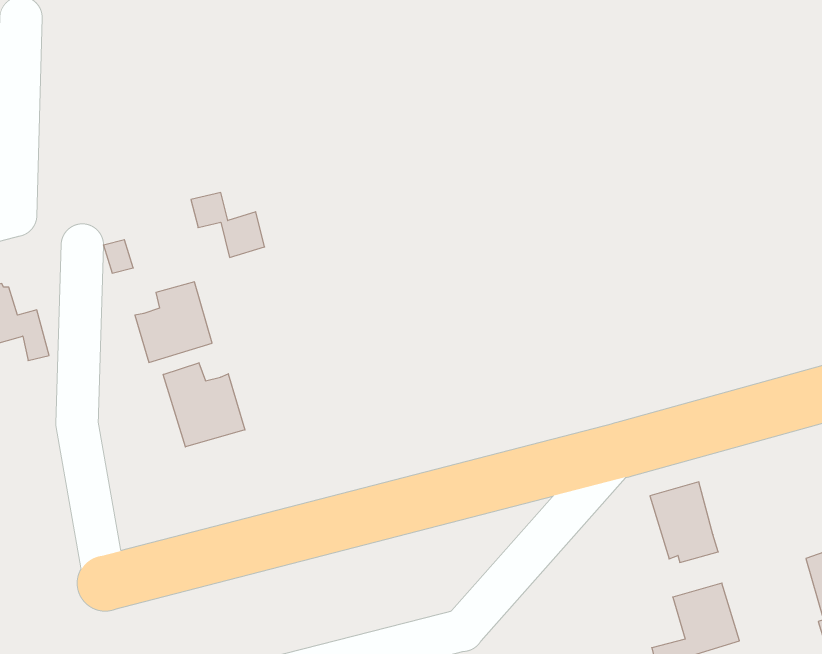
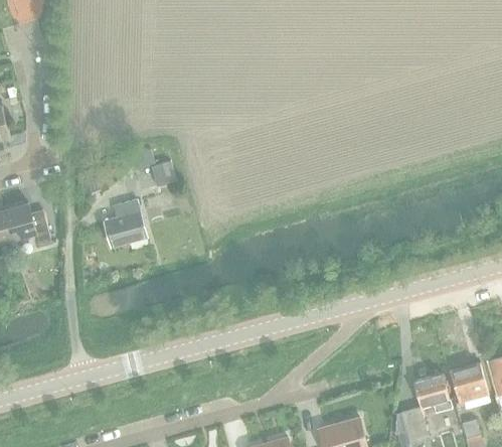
building: [163,363,245,447] -> none
building: [650,482,718,562] -> [449,363,488,410]

